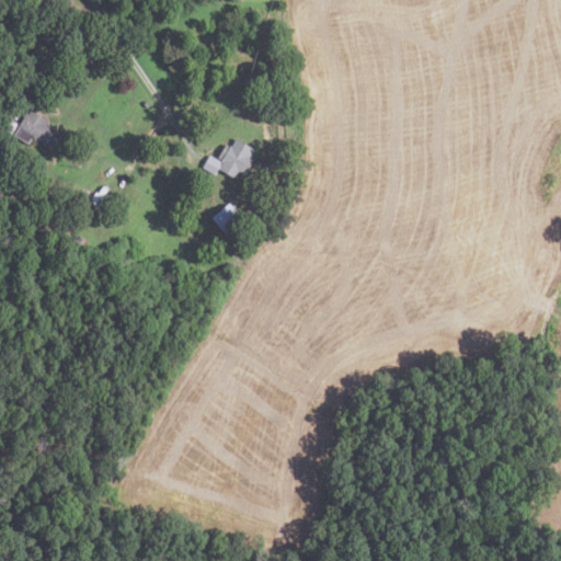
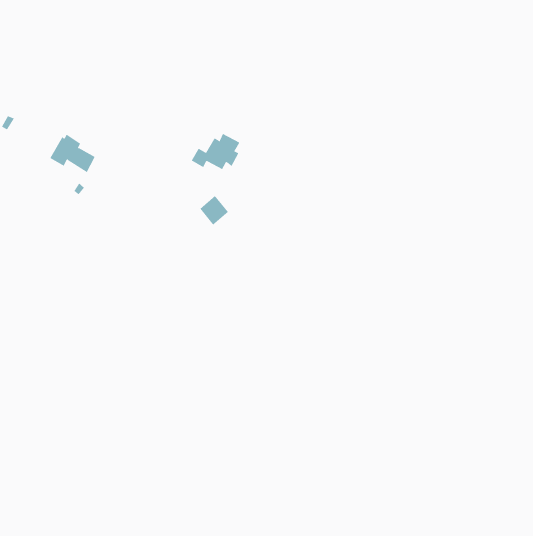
building: [14,111,62,151] -> [49,134,96,173]

